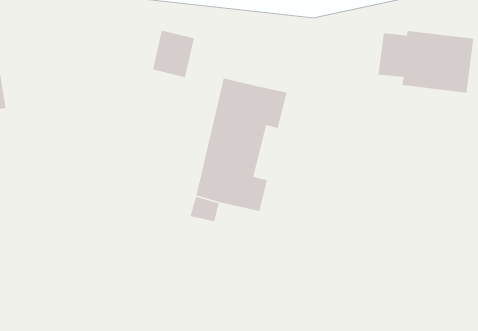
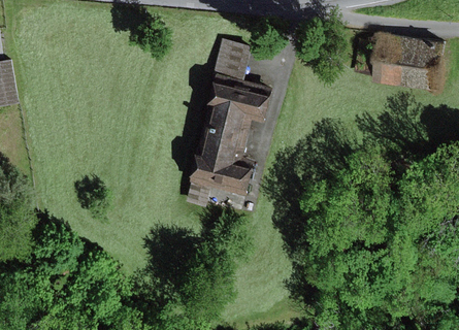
building: [152,30,195,78] -> [212,39,251,82]

